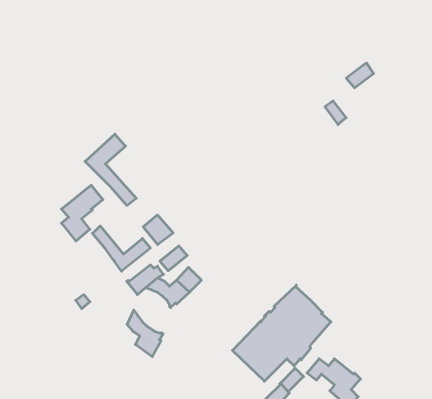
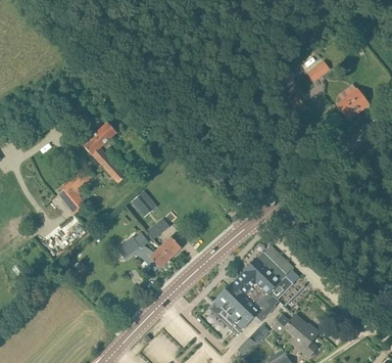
building: none -> [337,88,369,119]
building: [92,226,150,271] -> none
building: [127,310,163,357] -> none

